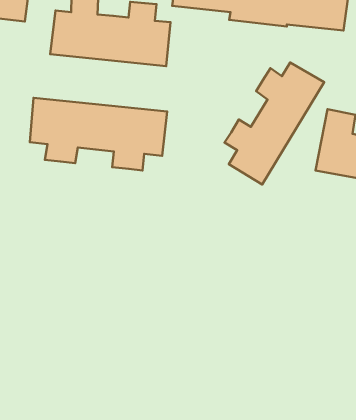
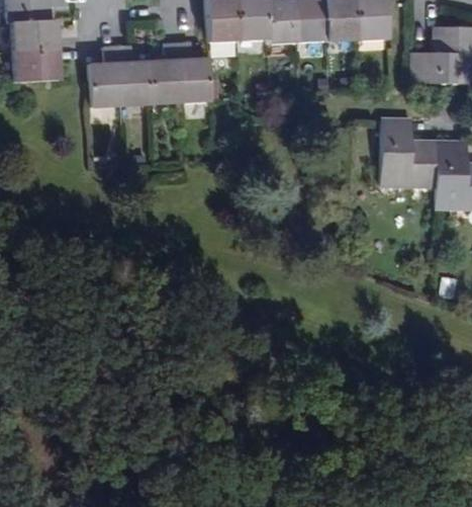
building: [225,63,324,185] -> none
building: [30,98,167,171] -> none

